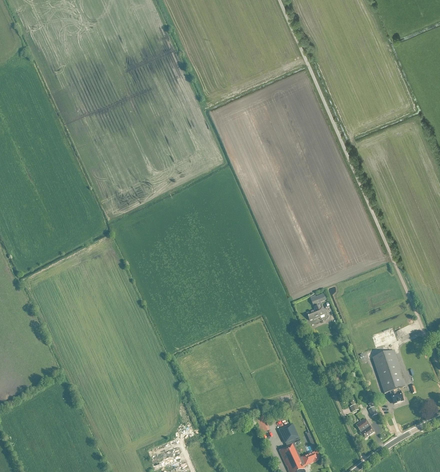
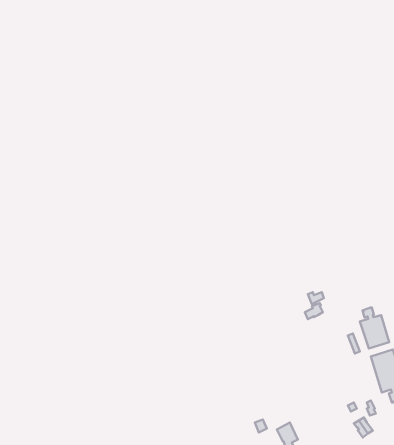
building: none -> [360,307,389,349]

